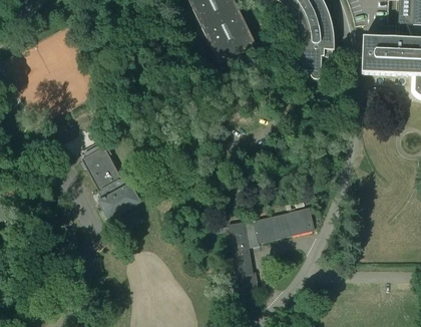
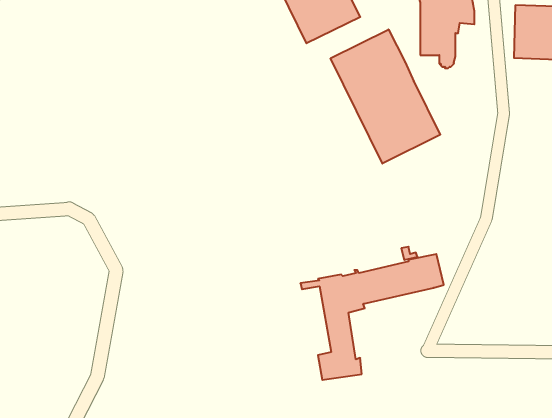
building: none -> [331,29,440,164]
building: [81,144,141,219] -> none

